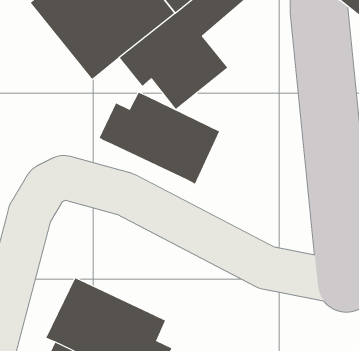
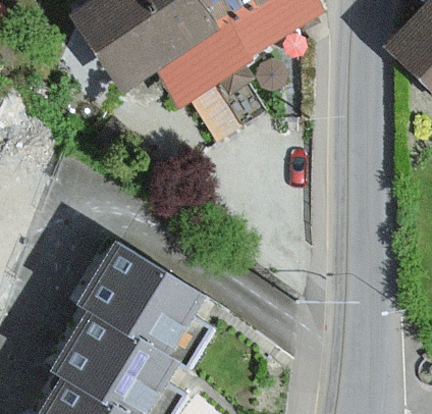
building: [99,92,220,184] -> none
building: none -> [76,242,211,365]

